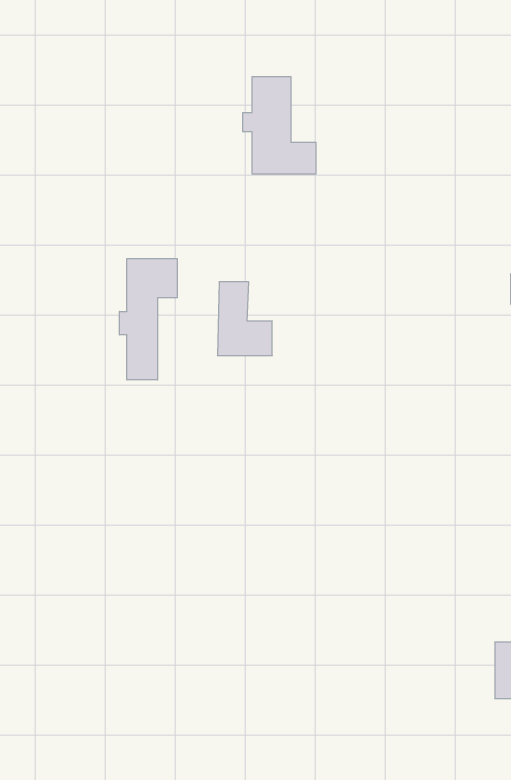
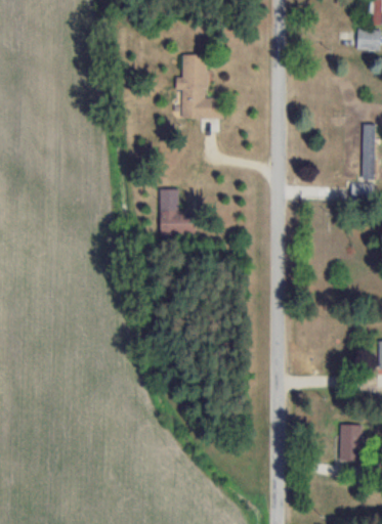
building: [120,259,177,380] -> none

